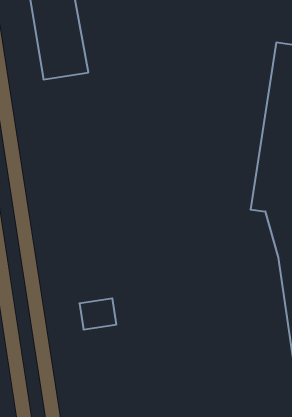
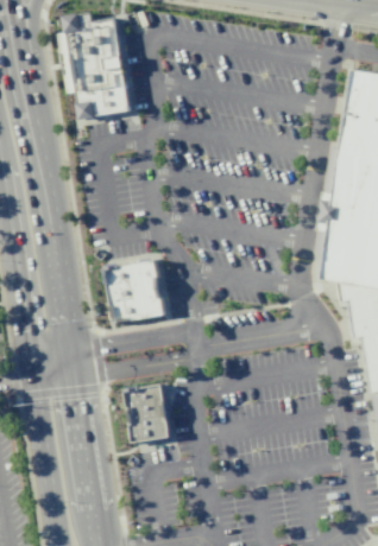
building: none -> [109,264,169,320]
building: none -> [126,413,169,440]

